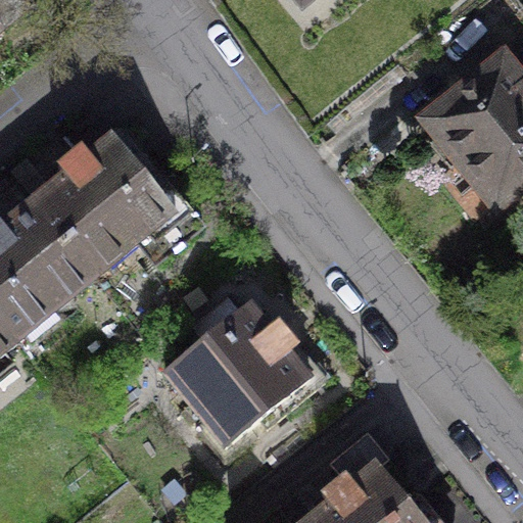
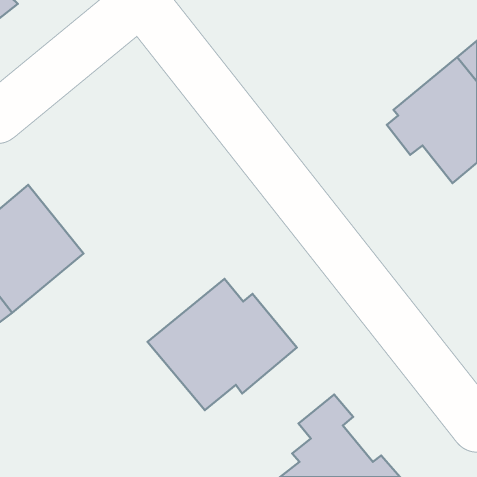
building: [31,129,198,276] -> none

